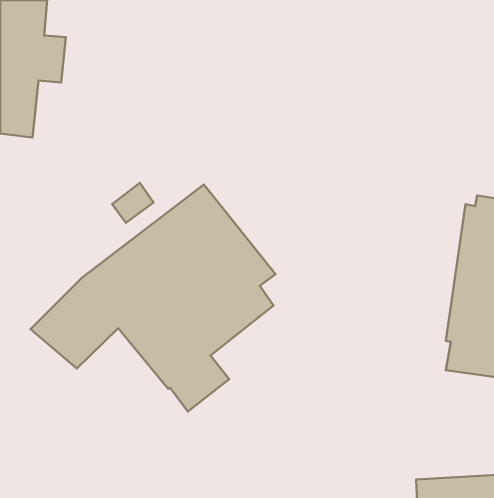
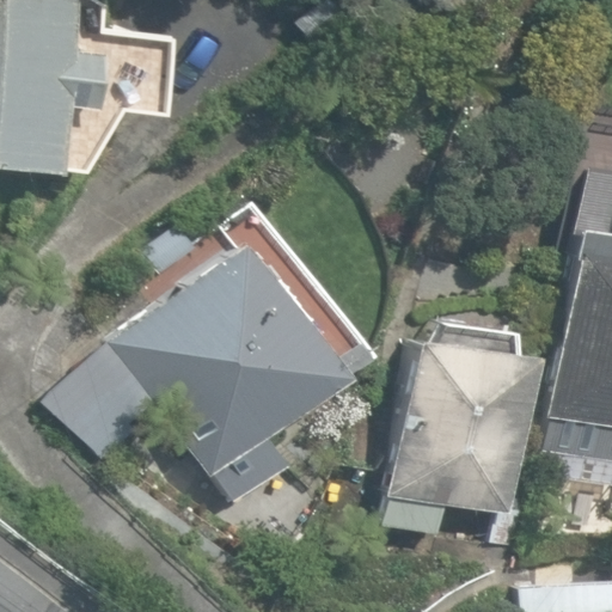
building: none -> [391,326,531,526]

